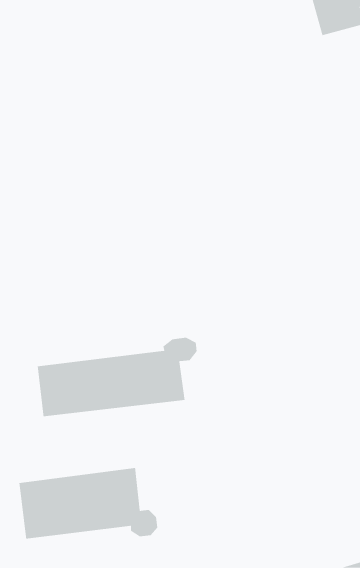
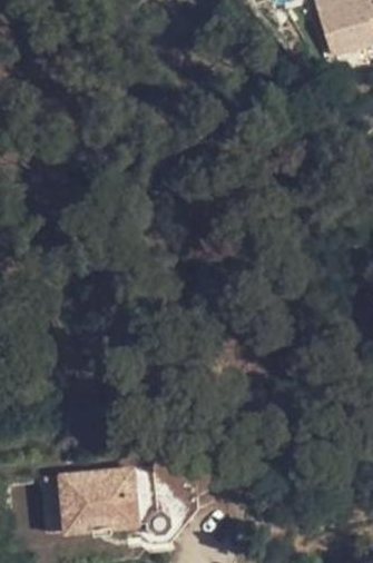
building: [37,337,198,417] -> none

